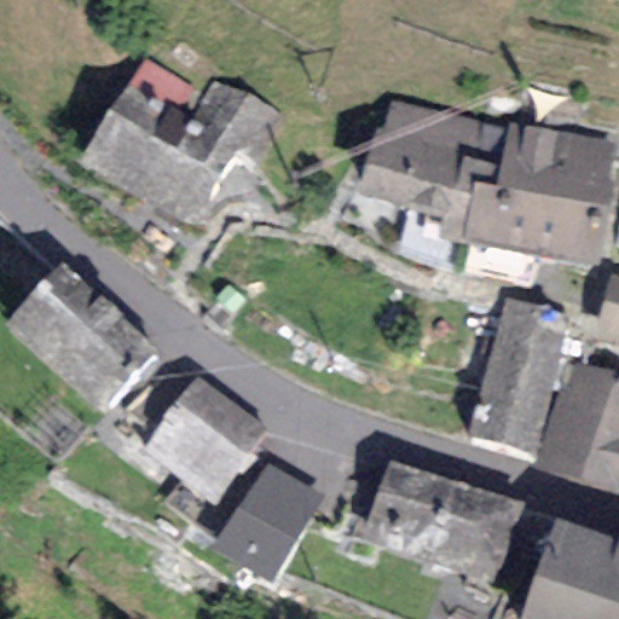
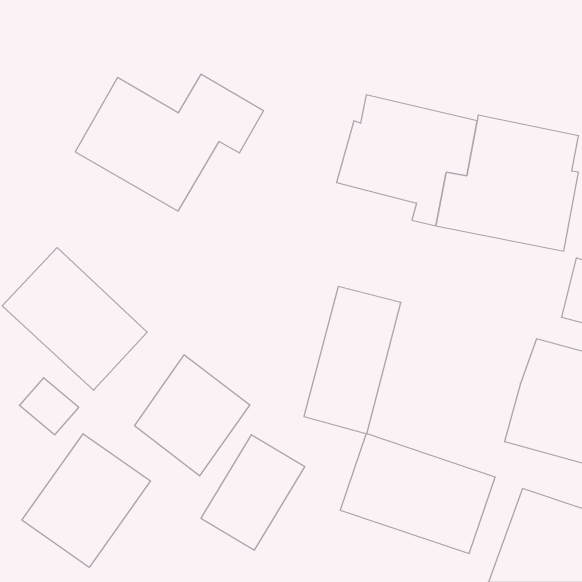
building: [468,297,571,453] -> [304,287,401,434]
building: none -> [22,434,150,567]

